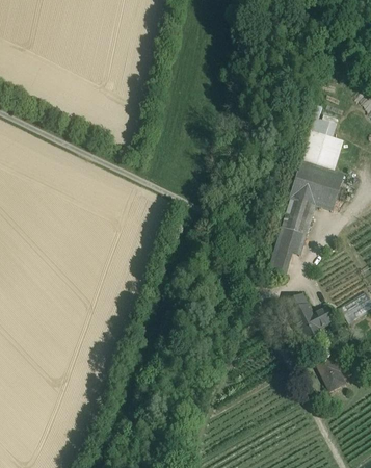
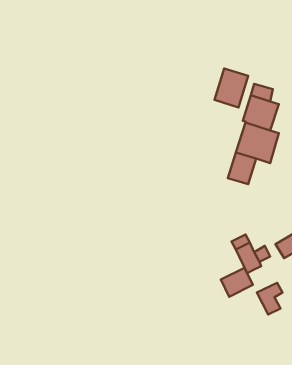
building: none -> [215,68,248,107]
building: [268,227,306,275] -> none
building: none -> [221,268,253,297]

